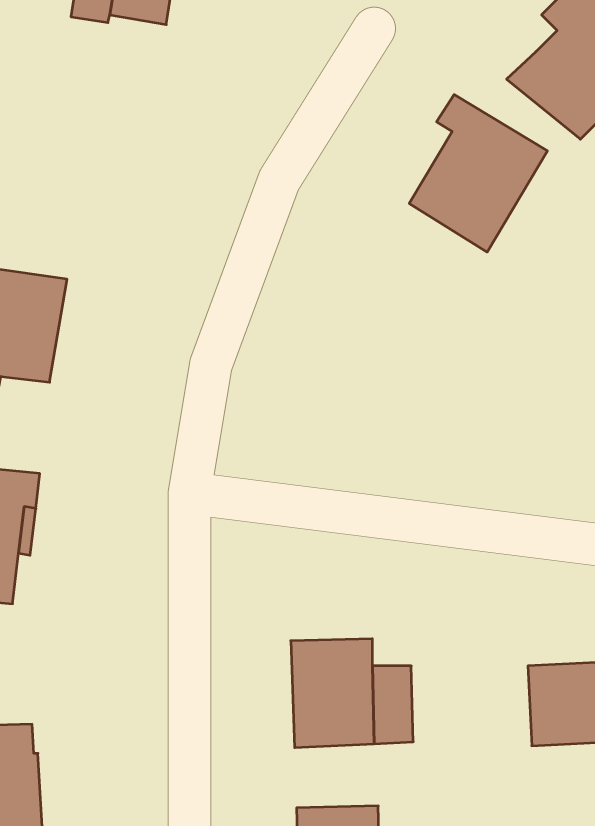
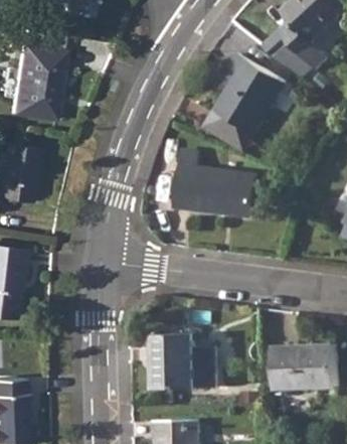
building: none -> [10,44,63,119]
building: none -> [207,109,256,150]
building: none -> [176,149,258,216]

